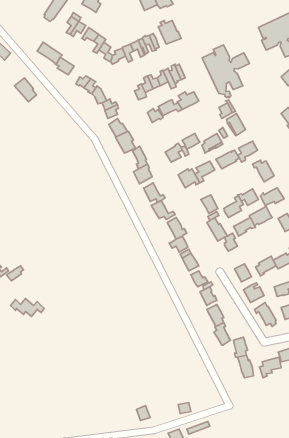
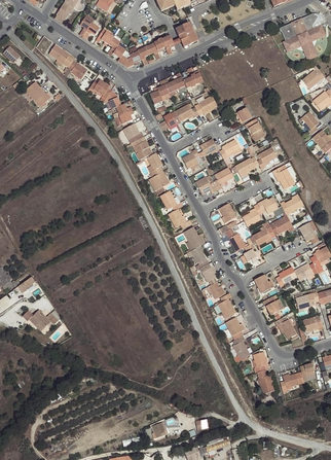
building: [202,45,249,98] -> none

